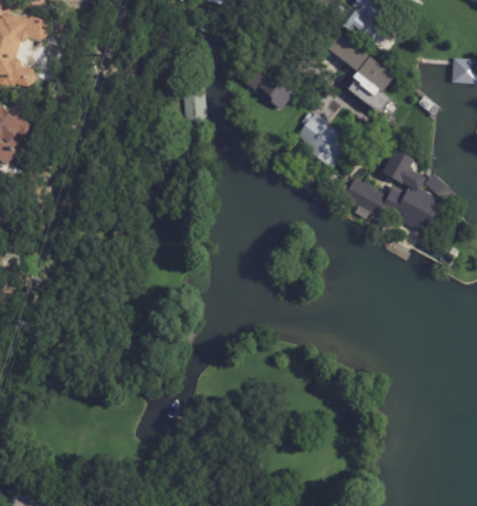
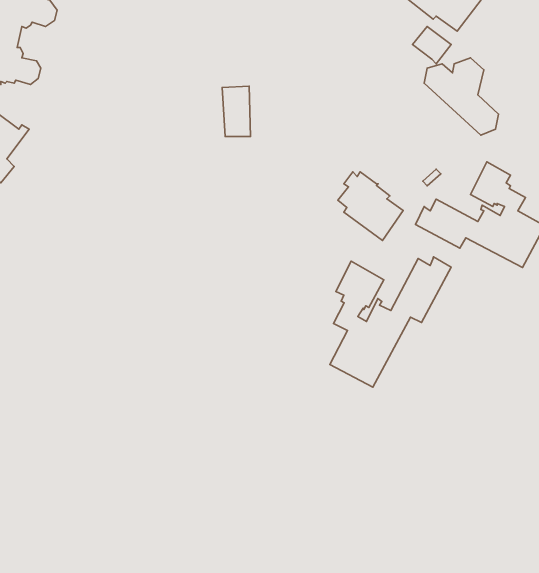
building: [240,58,296,107] -> none
building: [297,113,350,168] -> [338,172,403,240]
building: none -> [330,257,451,387]

